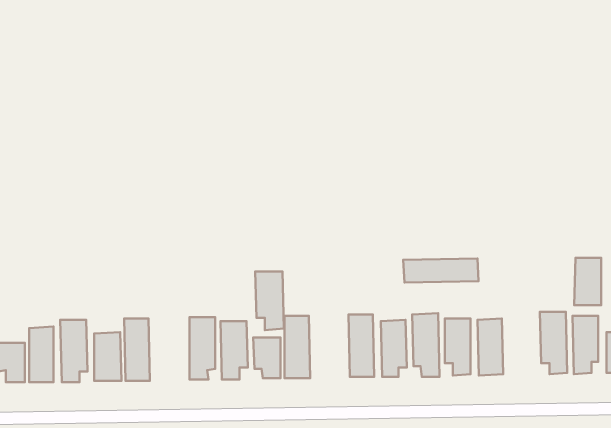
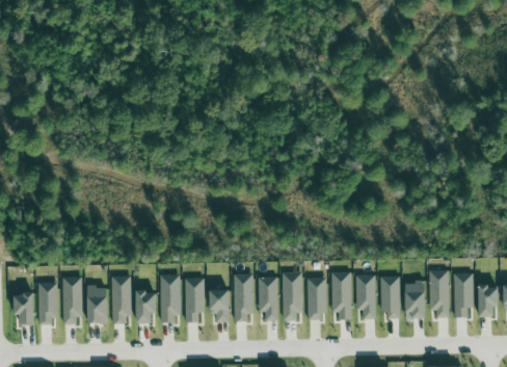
building: [574,258,601,305] -> [405,282,426,318]
building: [403,258,479,283] -> none
building: [255,272,284,330] -> [258,277,279,321]
building: none -> [137,291,158,323]

